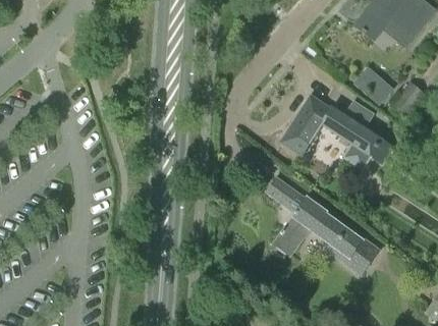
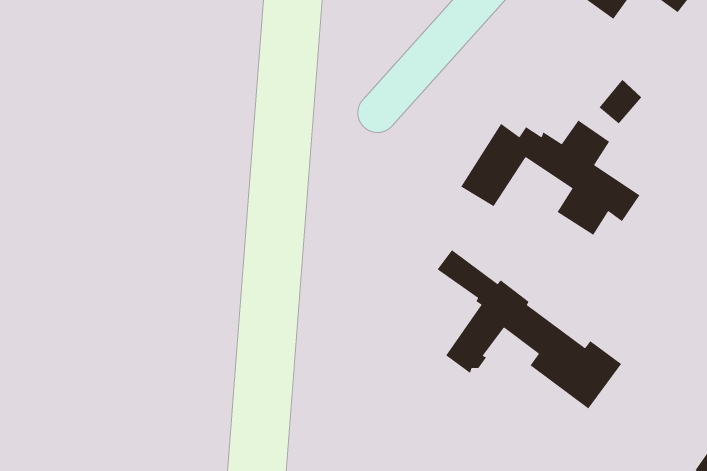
building: [390,79,424,115] -> none

